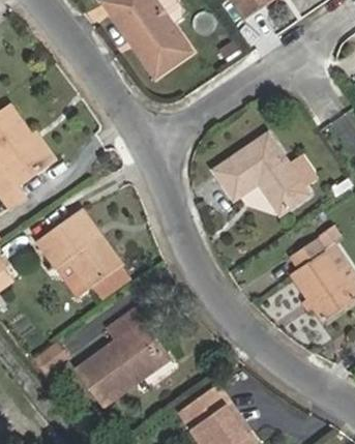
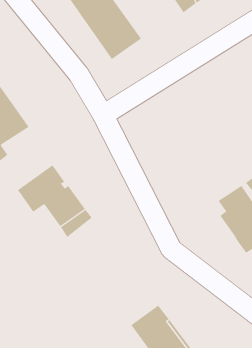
building: [213,132,309,213] -> none
building: [76,308,160,407] -> none

